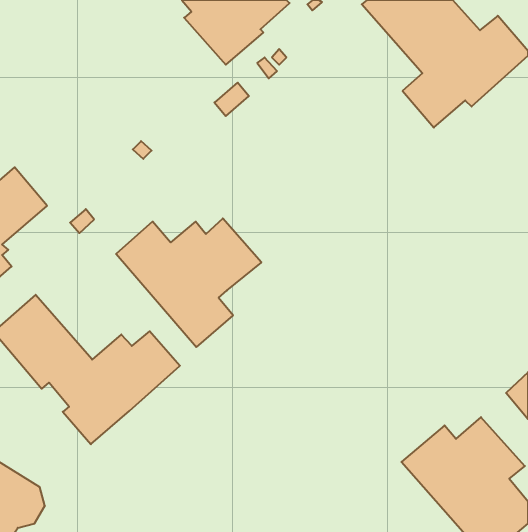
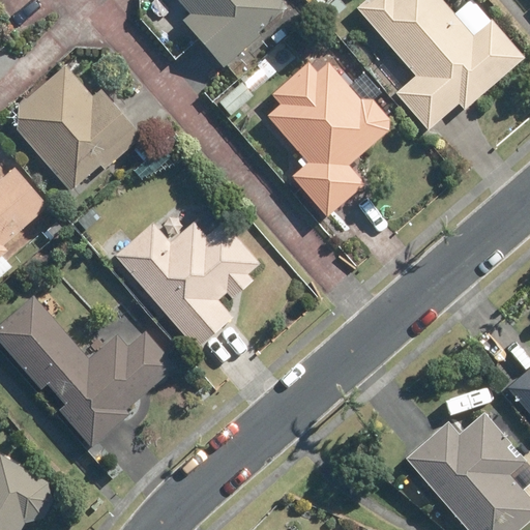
building: none -> [18,63,143,188]
building: none -> [269,63,389,216]

